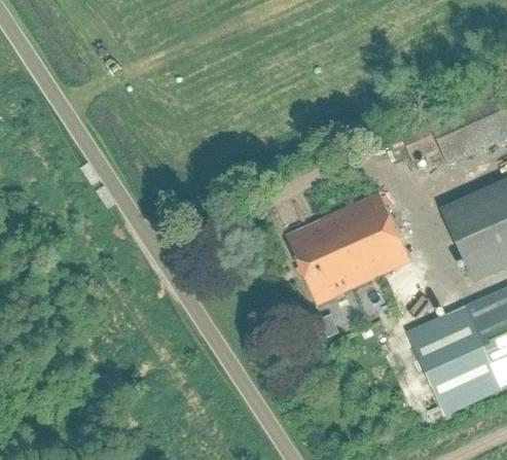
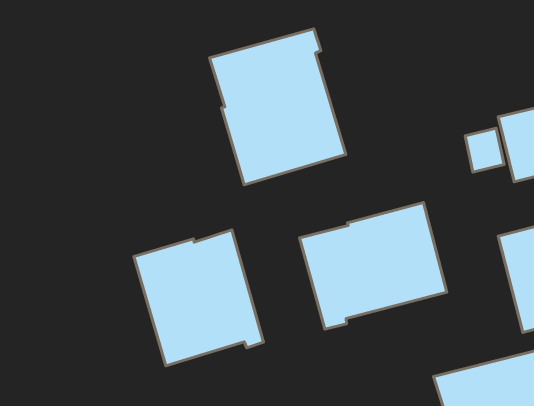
building: none -> [209,29,346,185]
building: none -> [134,230,263,366]

